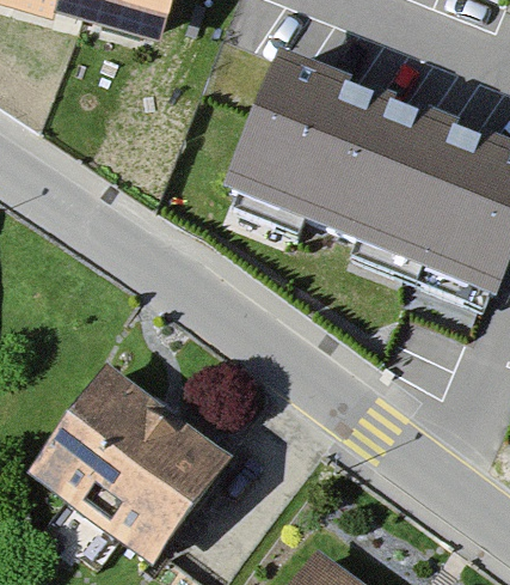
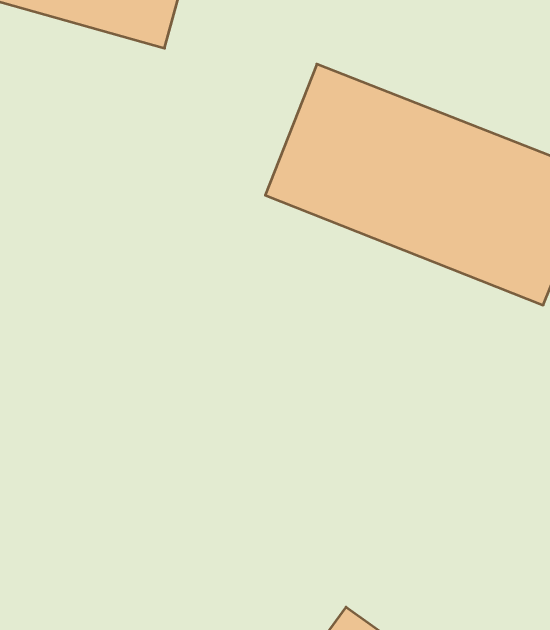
building: [25,370,226,563] -> none

